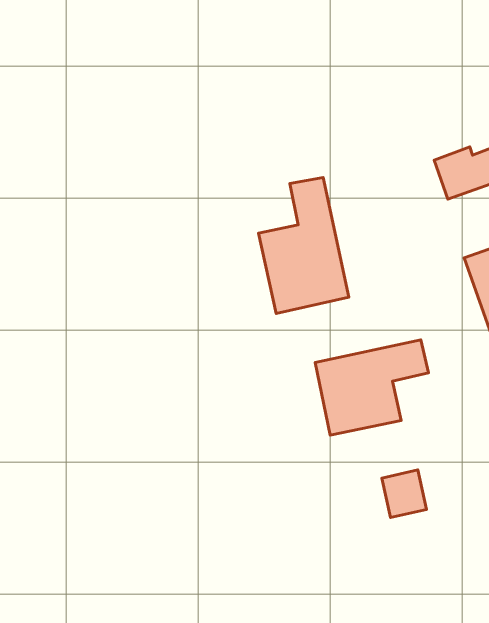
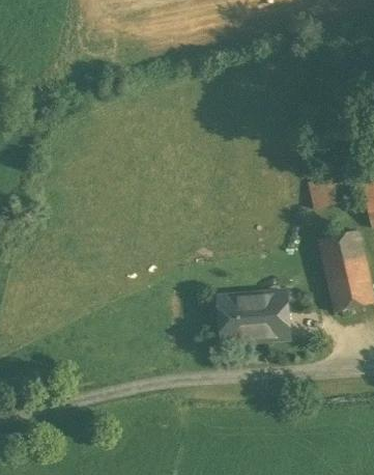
building: [258,177,349,313] -> none
building: [382,470,427,518] -> [264,310,289,337]

